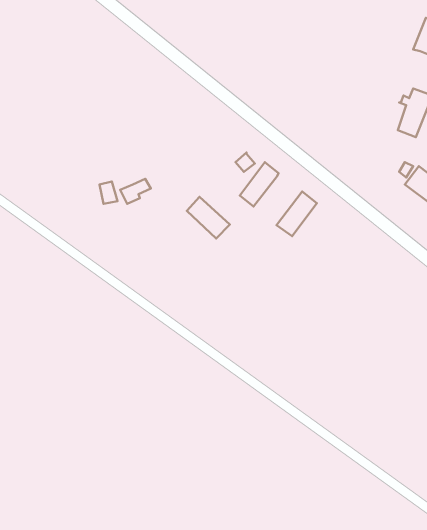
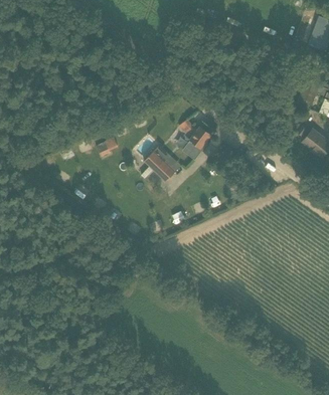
building: [276,192,317,236] -> none

